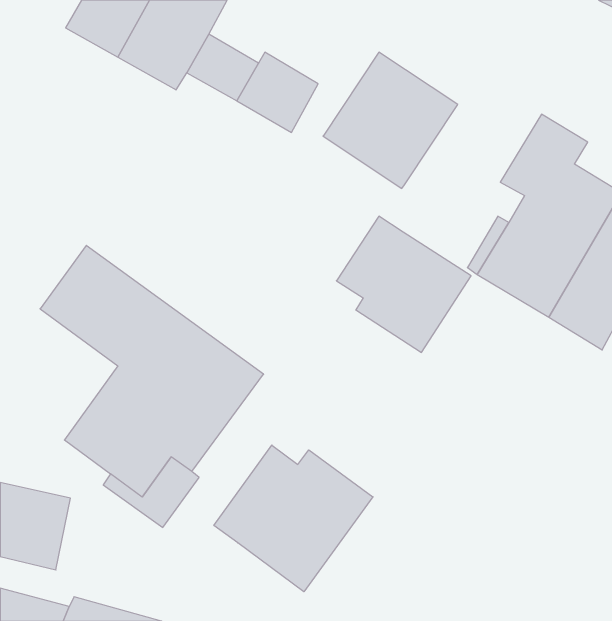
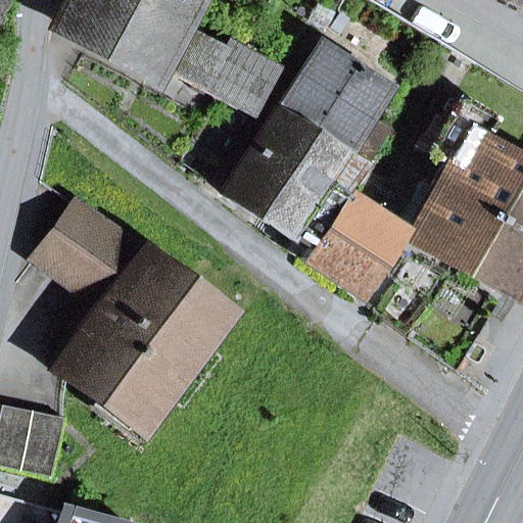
building: none -> [227,114,365,236]
building: [214,445,373,592] -> none

